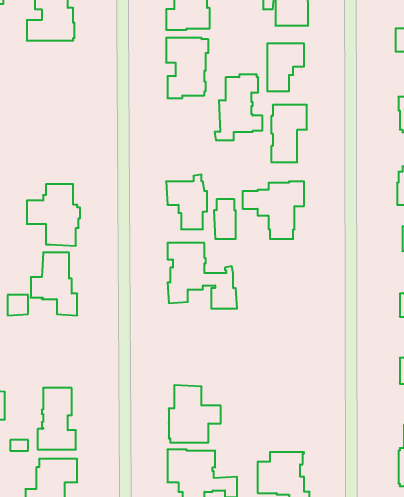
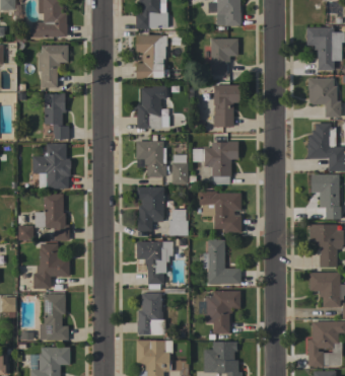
building: none -> [39,45,69,87]
building: [215,75,262,140] -> [134,85,169,134]
building: none -> [45,92,69,139]
building: none -> [200,191,242,232]
building: none -> [204,239,240,284]
building: none -> [137,241,174,288]
building: none -> [33,243,70,288]
building: none -> [200,291,240,333]

